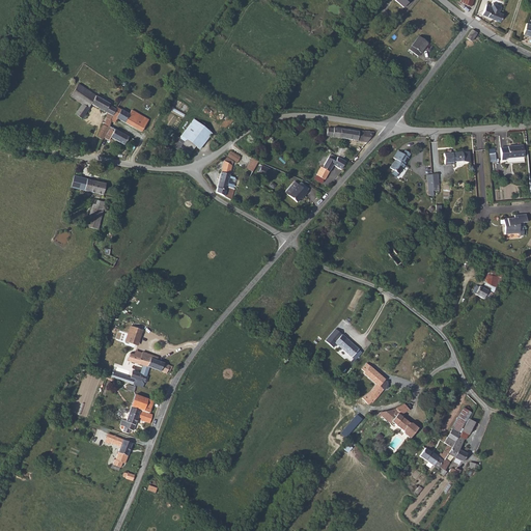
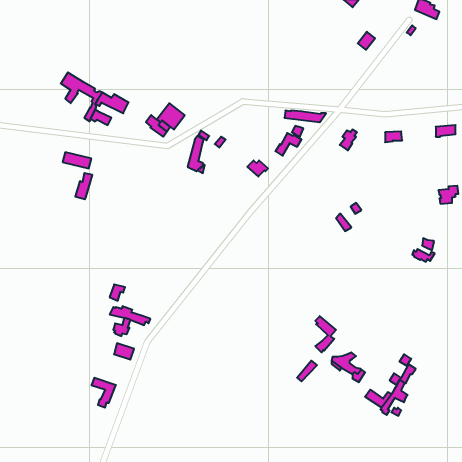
building: [326,328,364,359] -> none
building: [120,406,153,431] -> none

